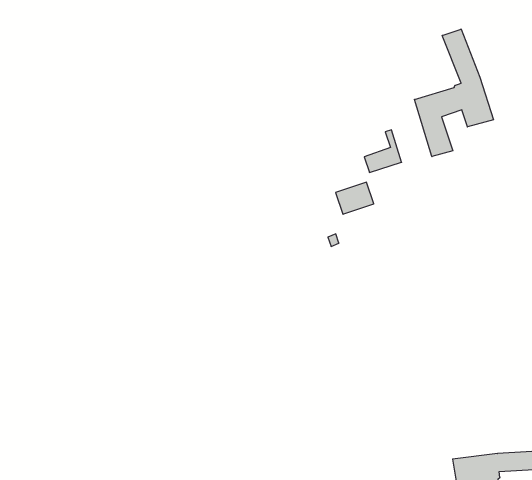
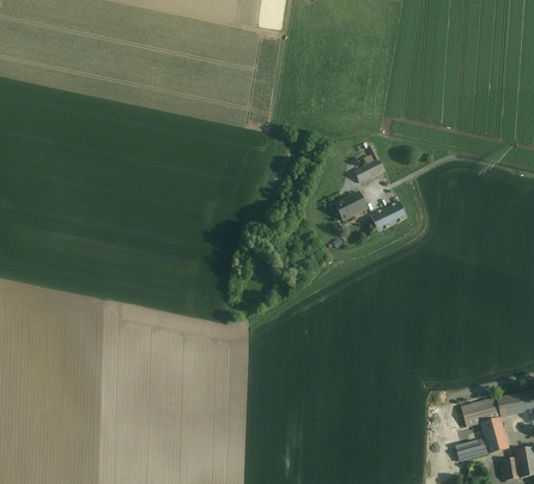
building: [414,29,493,157] -> none
building: none -> [370,200,407,231]

